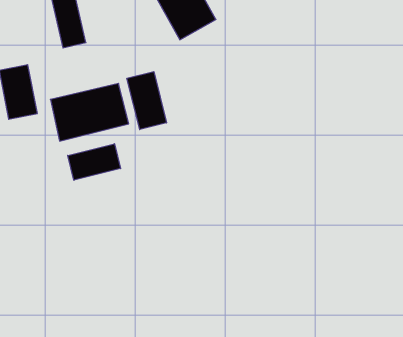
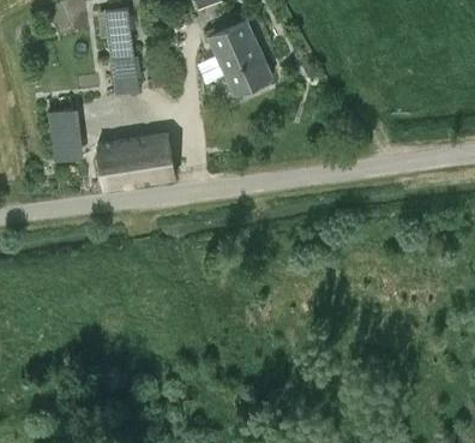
building: [127,72,166,130] -> none
building: [68,144,121,180] -> none

